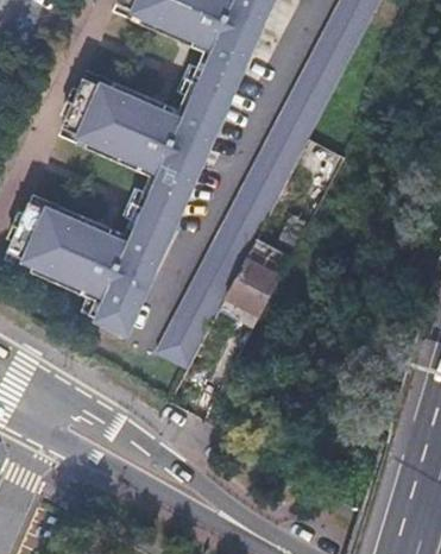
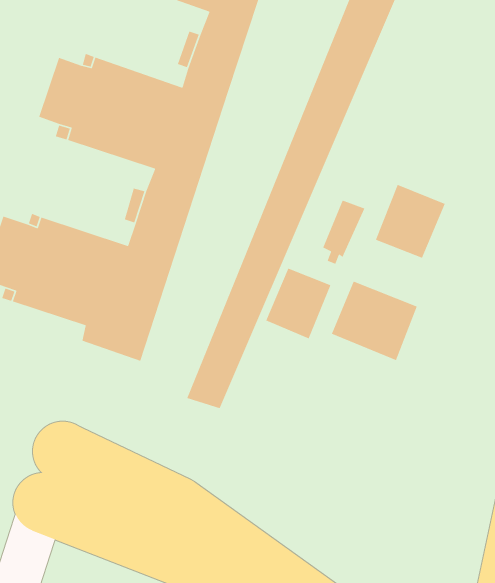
building: none -> [375,184,446,259]
building: none -> [331,281,418,361]

